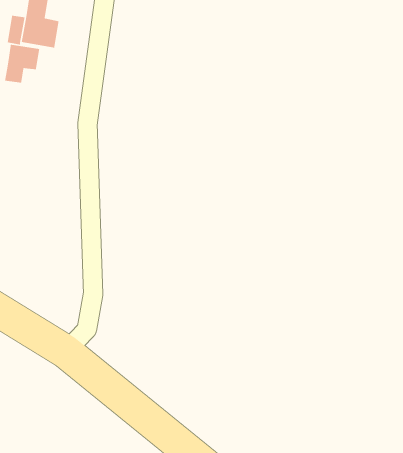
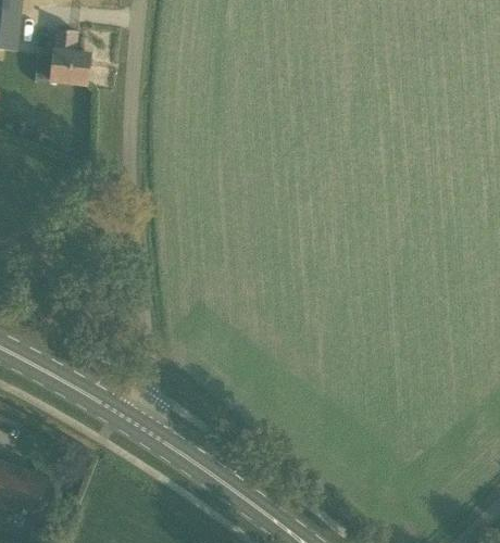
building: [4,44,40,83] -> none

